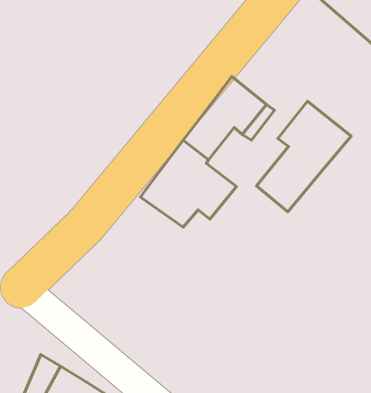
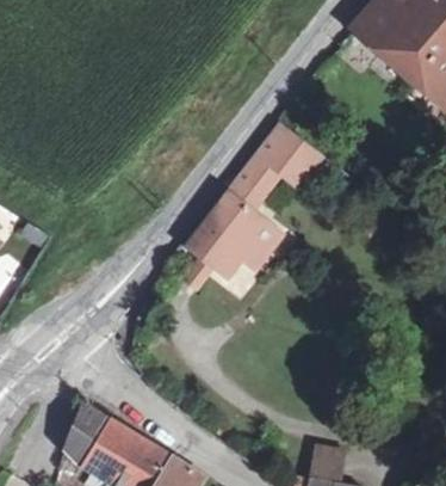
building: [257,101,351,212] -> none

